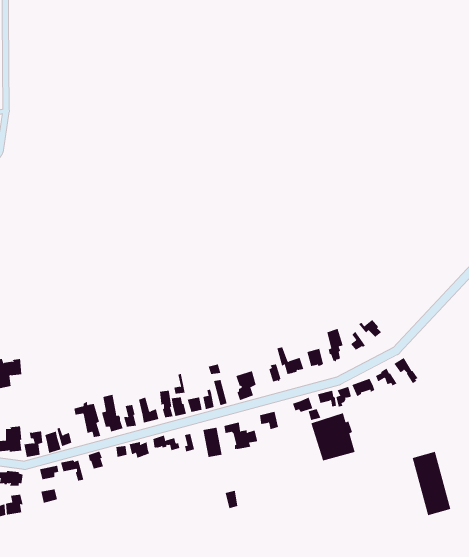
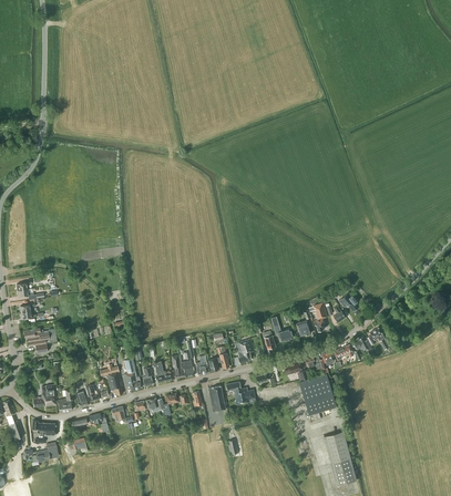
building: [412,451,451,516] -> [322,431,356,485]

